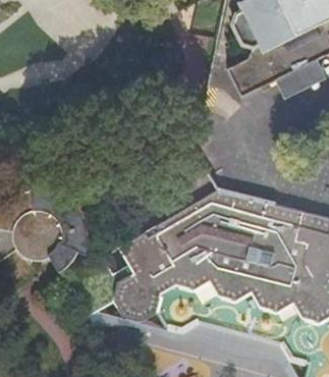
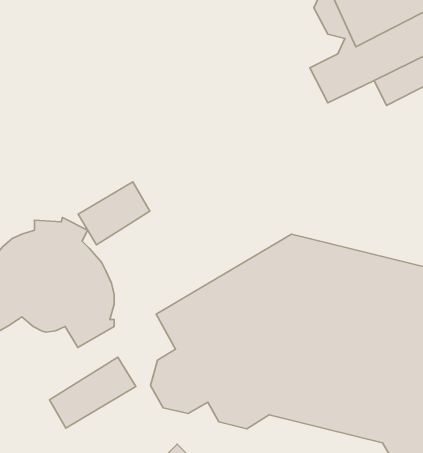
building: none -> [78,182,150,245]
building: none -> [49,357,136,428]

